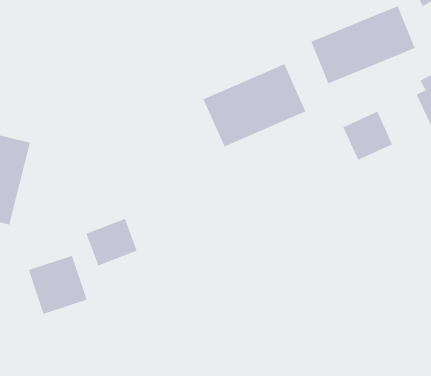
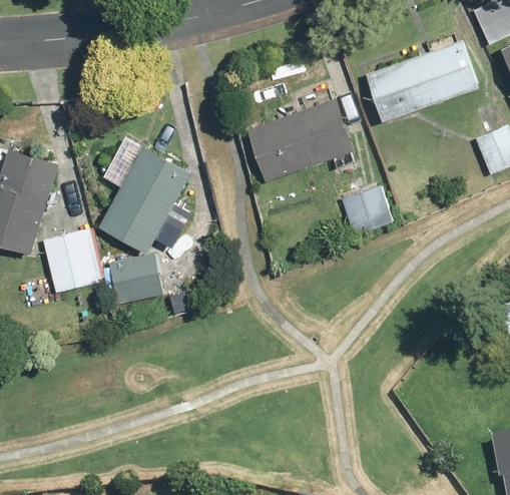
building: [343,111,393,160] -> [340,183,393,235]
building: none -> [99,146,189,253]
building: [28,255,87,315] -> [43,229,105,292]

